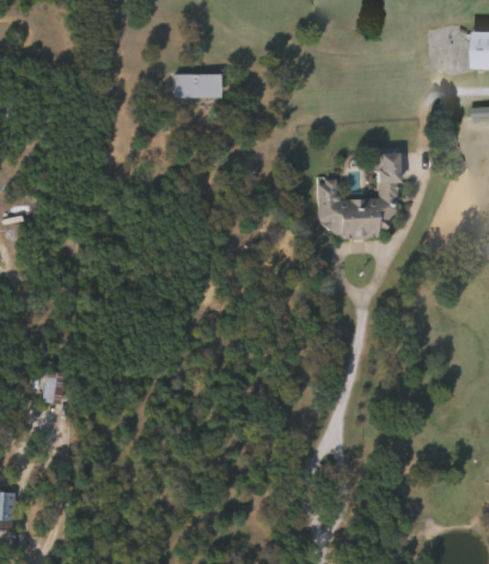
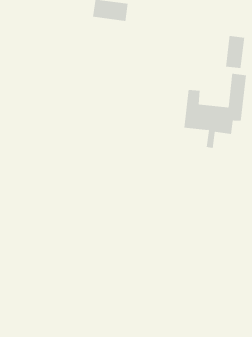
building: none -> [225,35,245,69]

